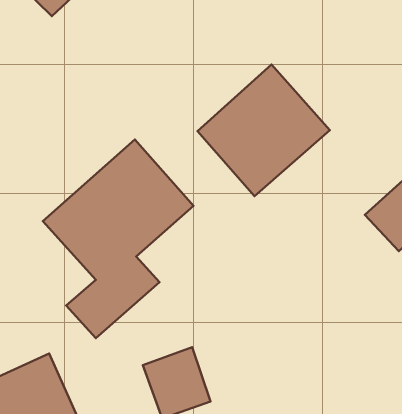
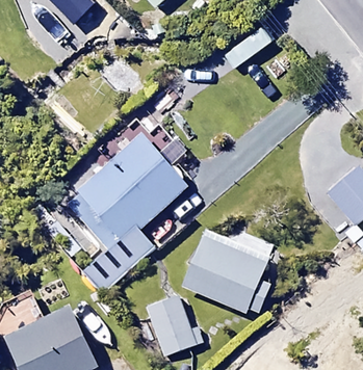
building: [197,65,330,196] -> none
building: none -> [180,229,268,310]

